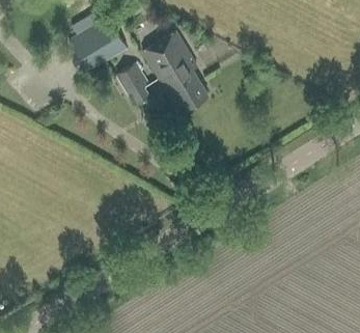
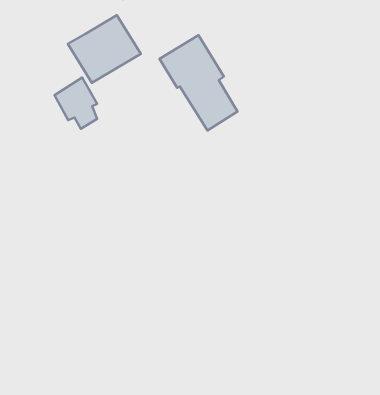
building: [115,61,150,104] -> [54,77,97,129]

